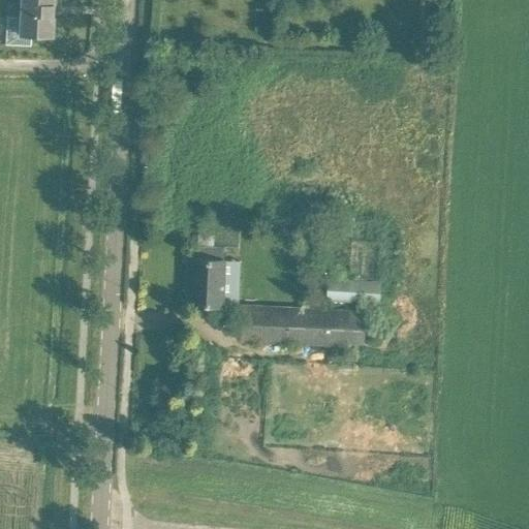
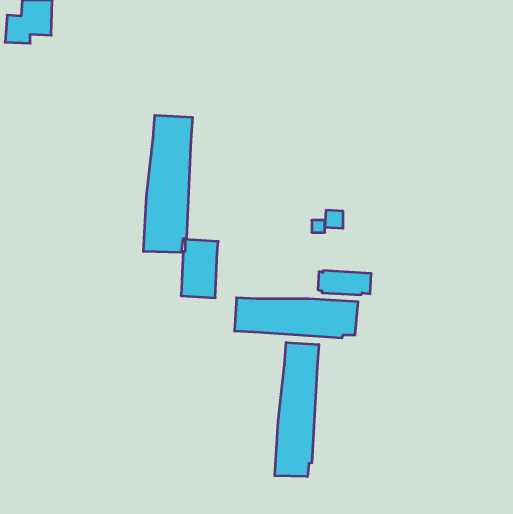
building: none -> [144,115,192,252]
building: none -> [275,342,319,477]

